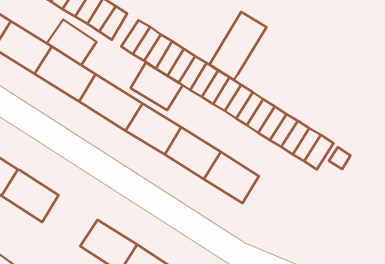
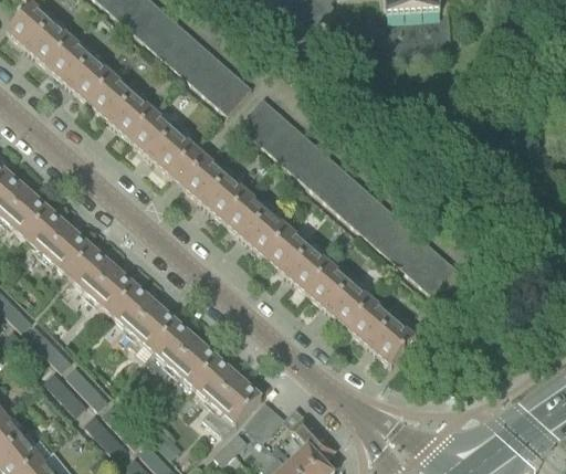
building: [210,12,266,80] -> none
building: [47,20,96,65] -> none
building: [130,63,183,110] -> none
building: none -> [349,301,413,365]
building: none -> [111,285,176,349]

